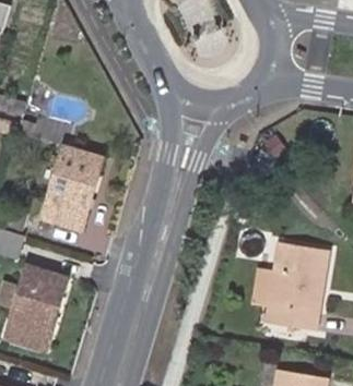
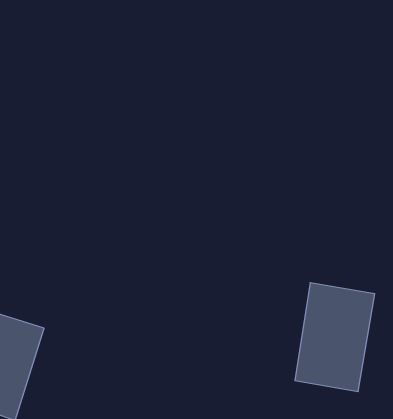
building: [43,146,103,230] -> none

